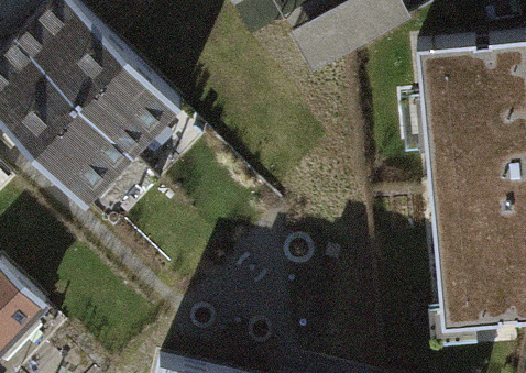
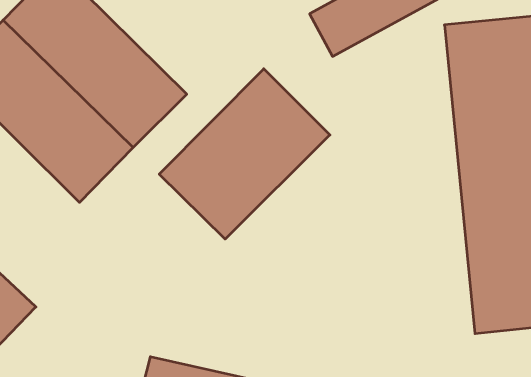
building: none -> [159,69,330,239]

